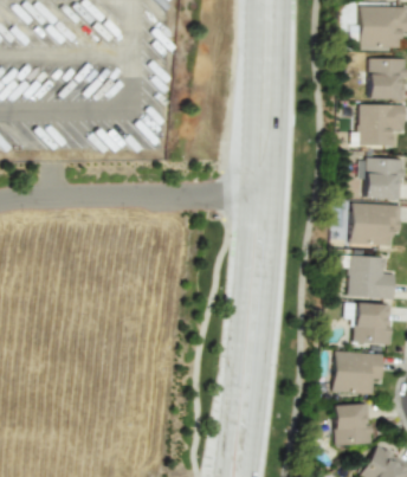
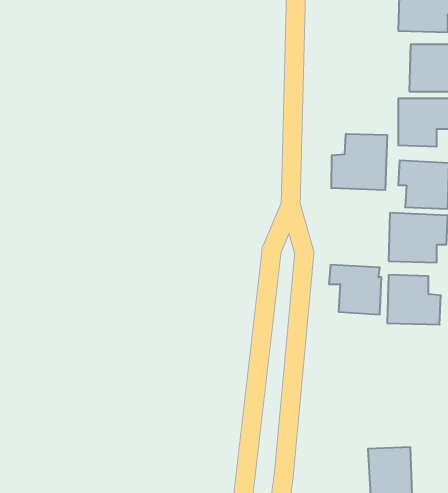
building: none -> [331,134,387,190]
building: [345,302,390,344] -> [329,265,381,314]
building: [334,352,385,394] -> none

